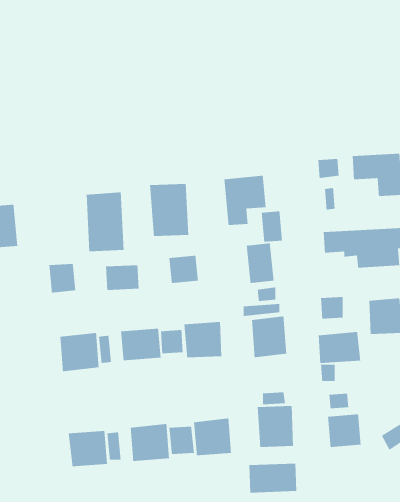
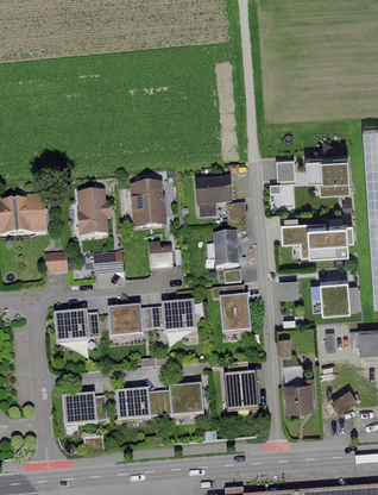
building: none -> [14,198,48,237]
building: [318,331,361,364] -> none
building: [249,463,297,493] -> none

